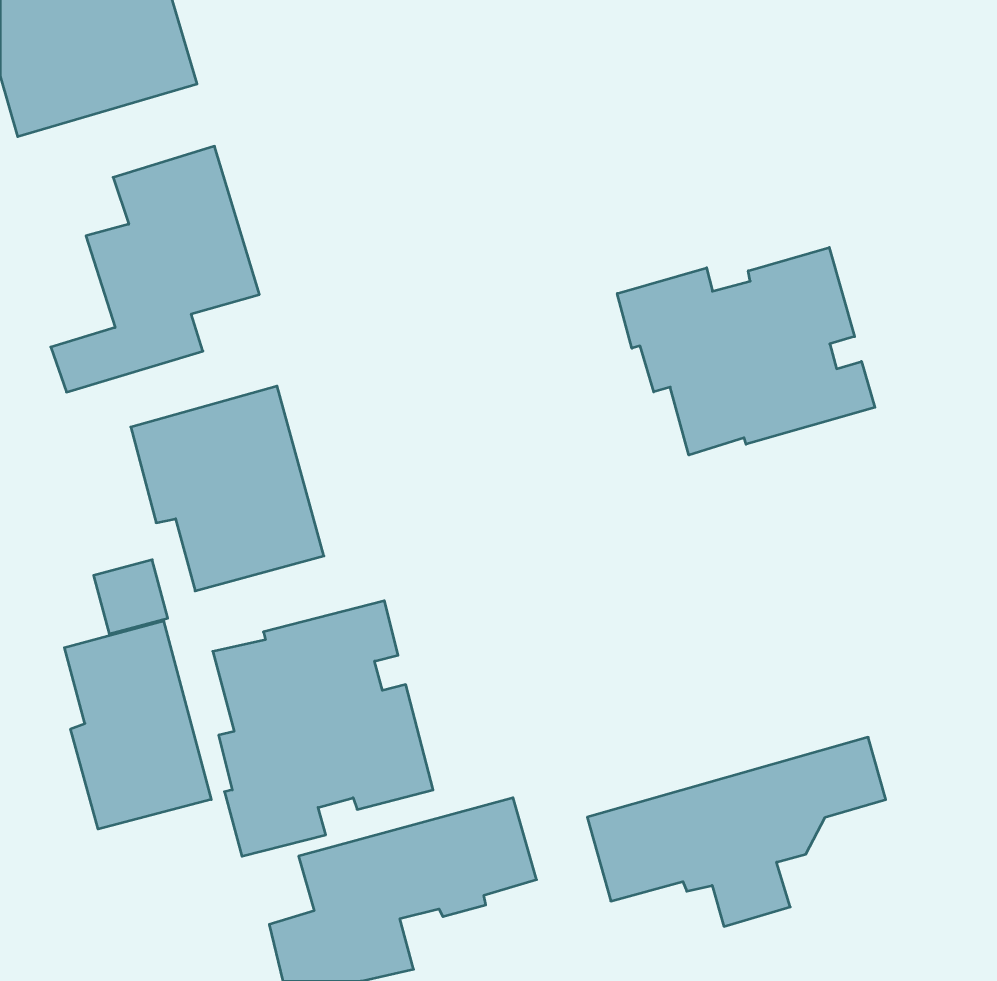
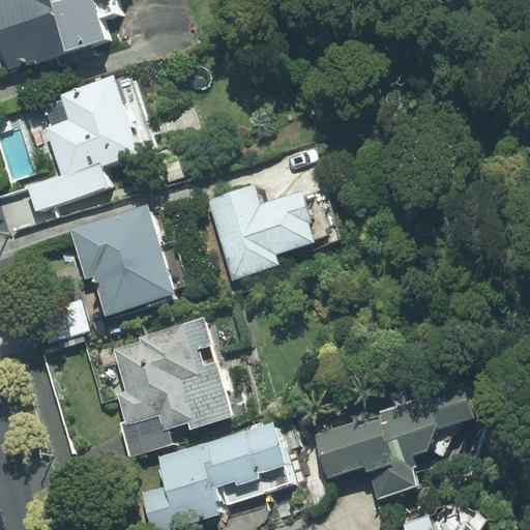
building: [617,247,875,455] -> none
building: none -> [208,184,317,277]
building: [64,621,211,829] -> none

